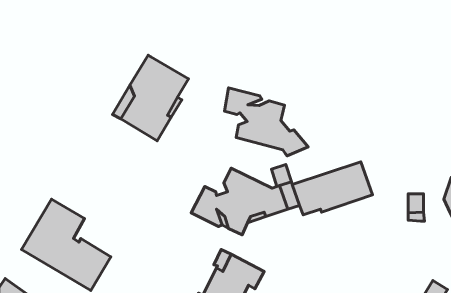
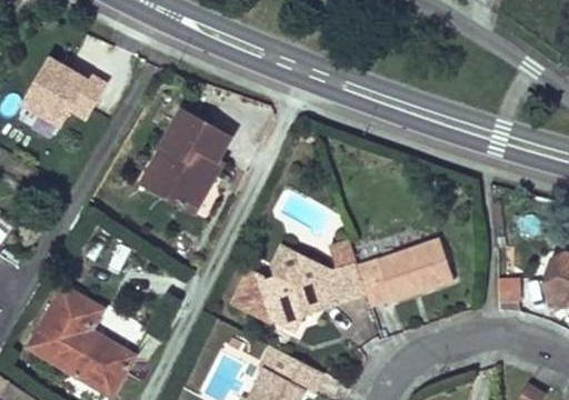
building: none -> [16,49,108,138]
building: [224,88,308,156] -> none

